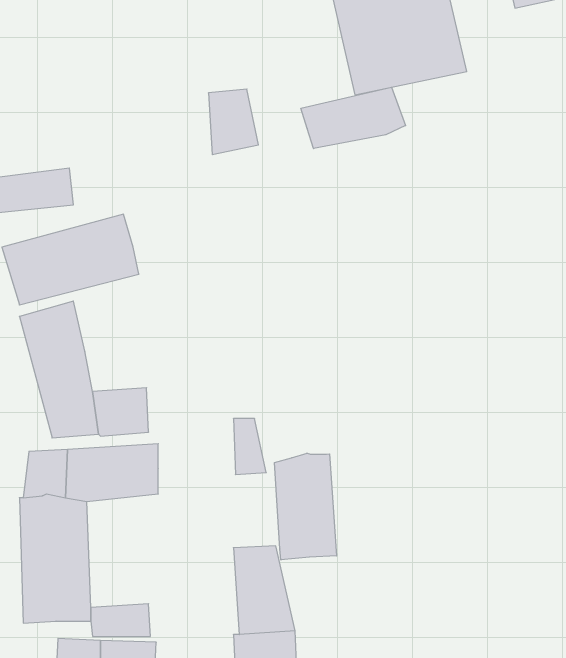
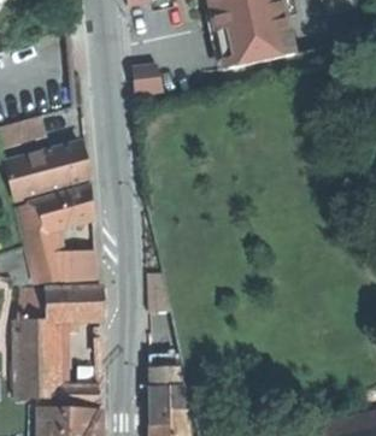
building: [301,87,406,149] -> none
building: none -> [48,185,92,228]
building: [274,453,337,560] -> none

